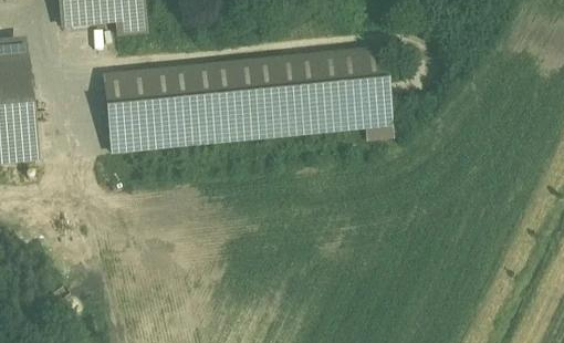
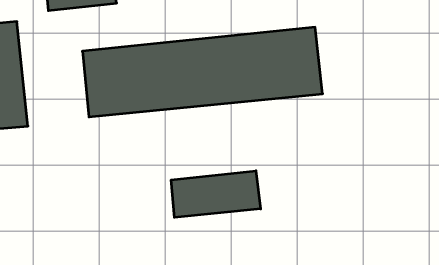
building: none -> [171,171,261,217]

